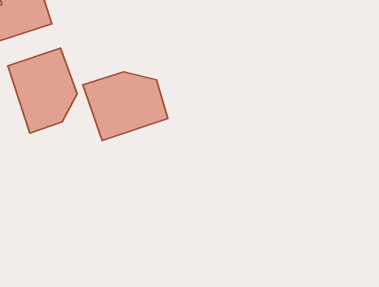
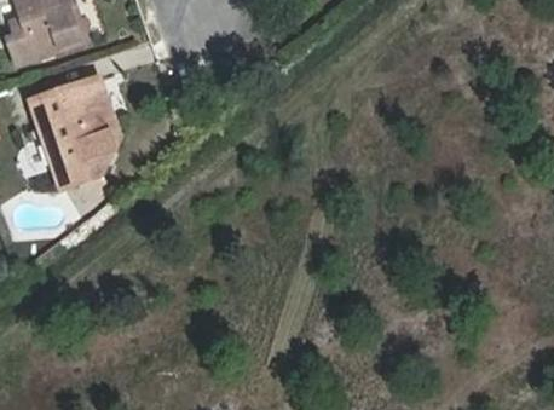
building: [83,72,168,140] -> none

